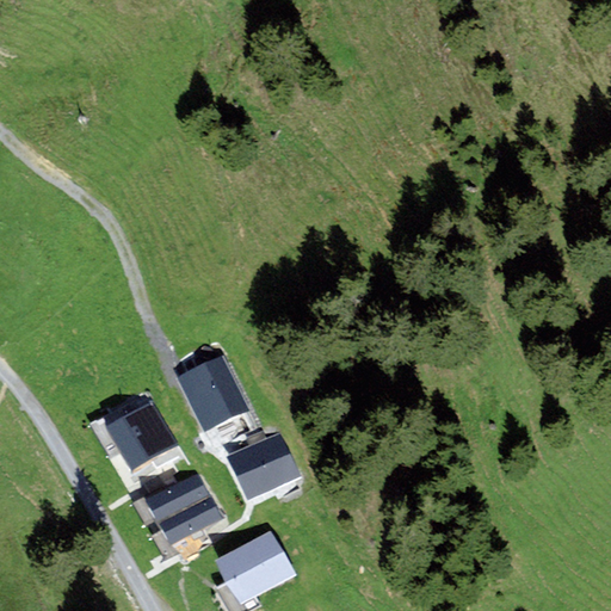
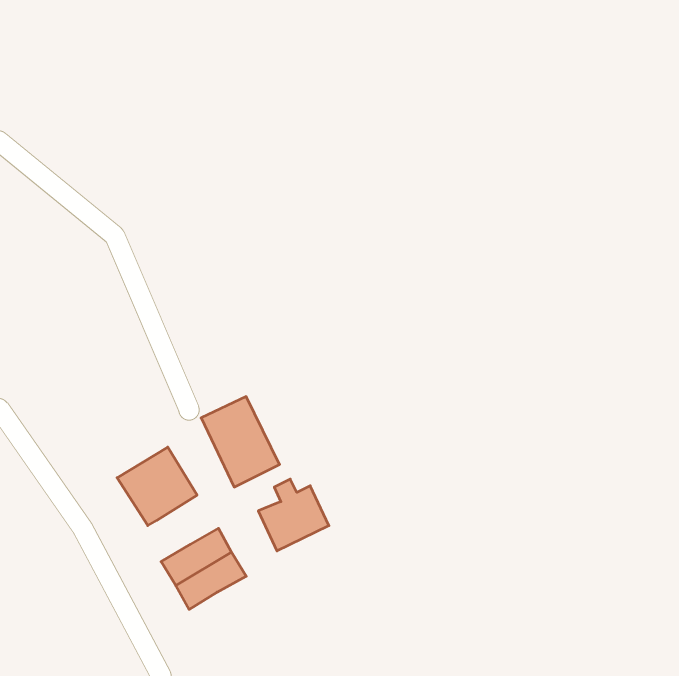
building: [220,537,290,601] -> none

